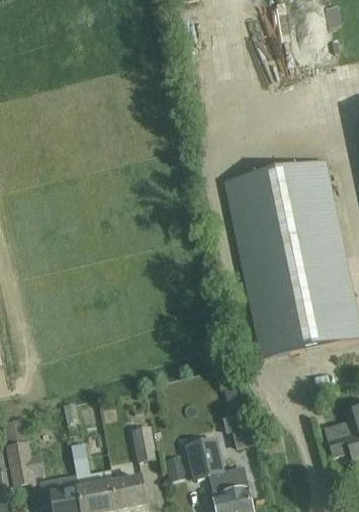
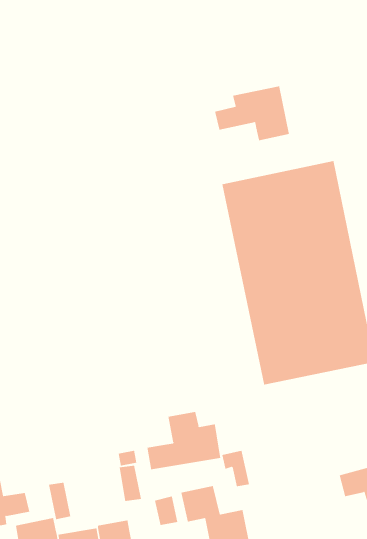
building: none -> [215,85,290,141]
building: none -> [147,411,221,470]

